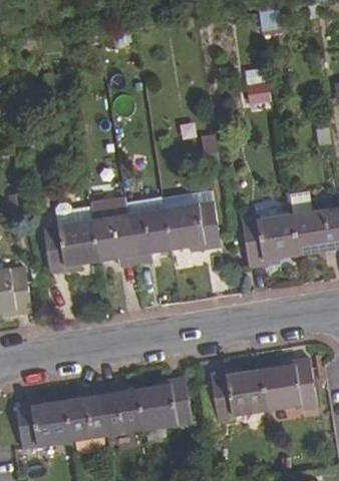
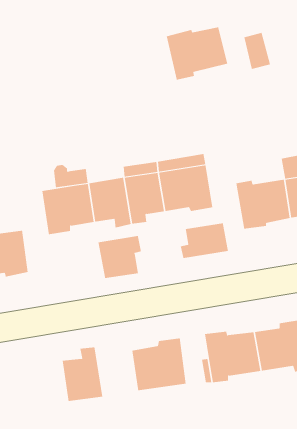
building: none -> [166,27,228,80]
building: none -> [180,223,229,259]
building: none -> [98,235,142,279]
building: [98,385,141,437] -> none
building: [12,400,70,450] -> none

